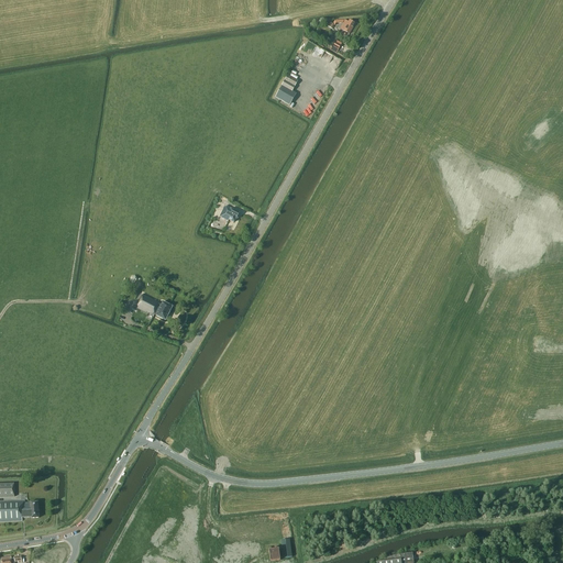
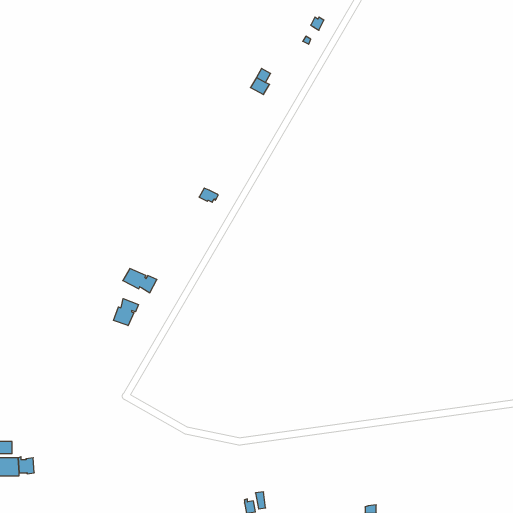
building: none -> [113,299,139,326]

